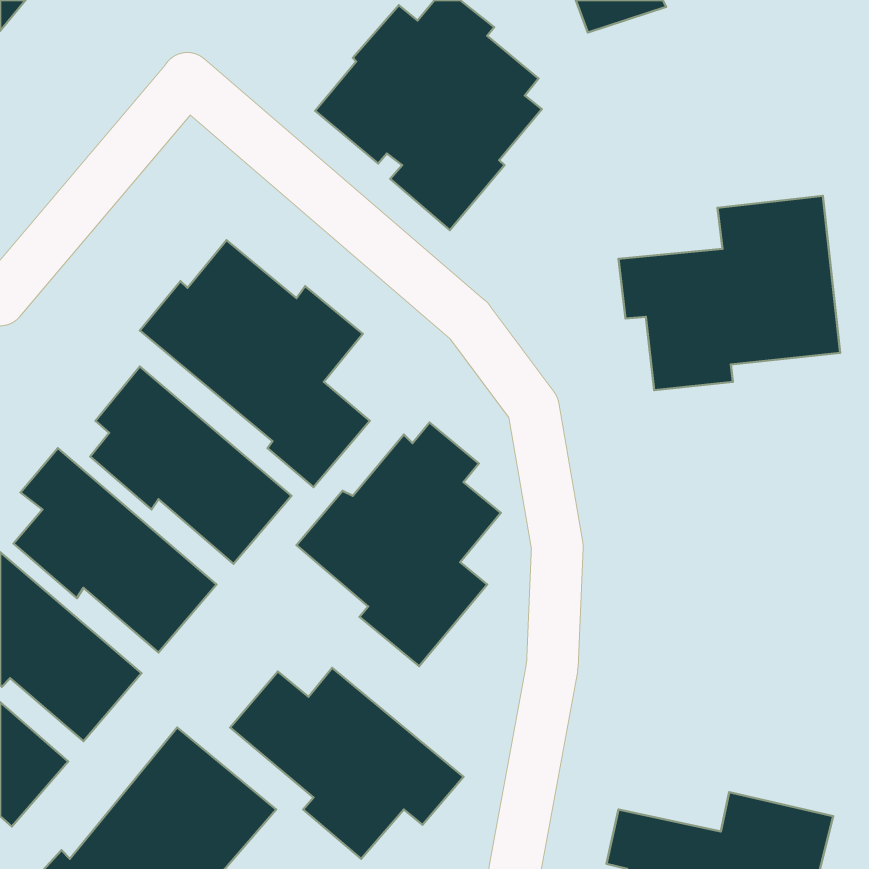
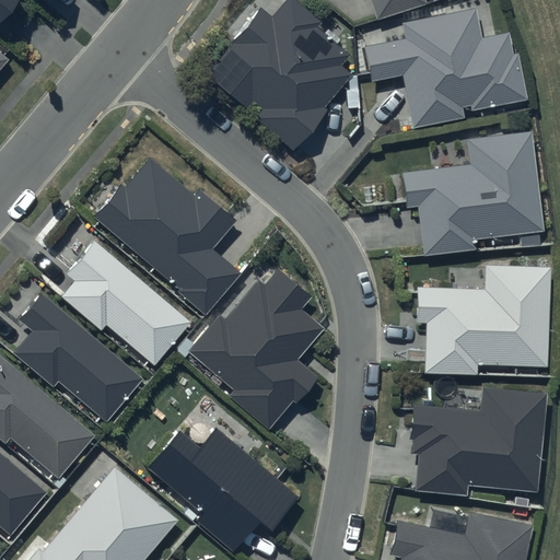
building: none -> [365,8,529,129]
building: none -> [417,266,552,375]
building: none -> [412,388,549,497]

